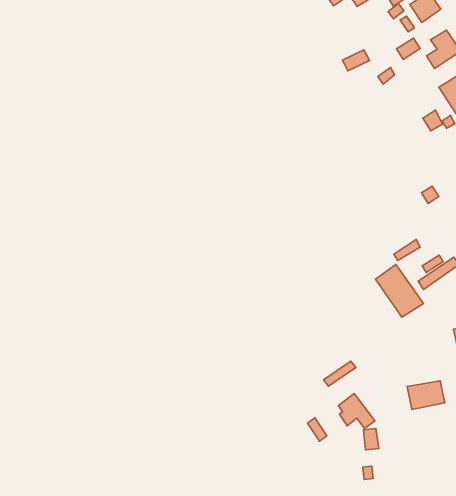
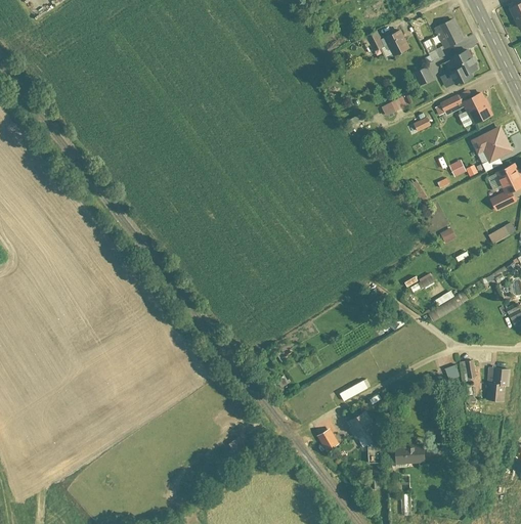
building: [375,265,423,317] -> none
building: [407,381,445,410] -> [398,443,431,467]

